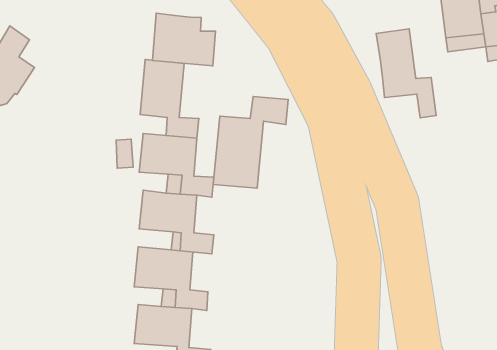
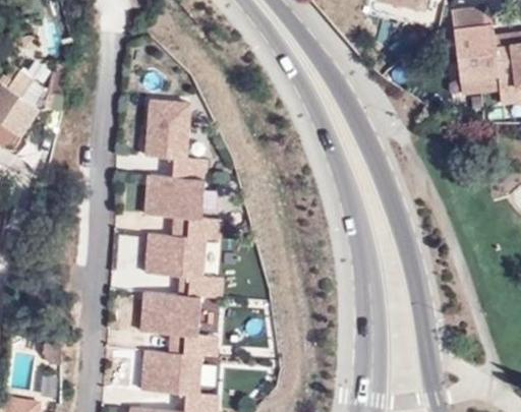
building: [152,13,215,66] -> none
building: [376,29,436,118] -> none
building: [213,96,288,188] -> none

